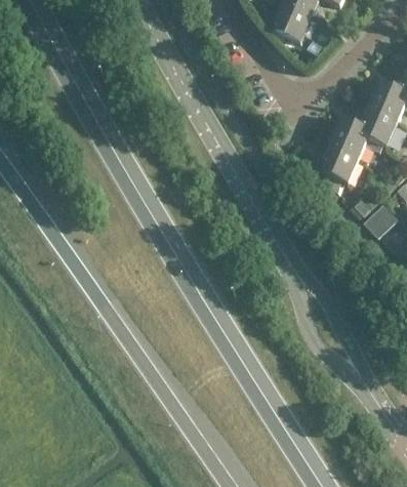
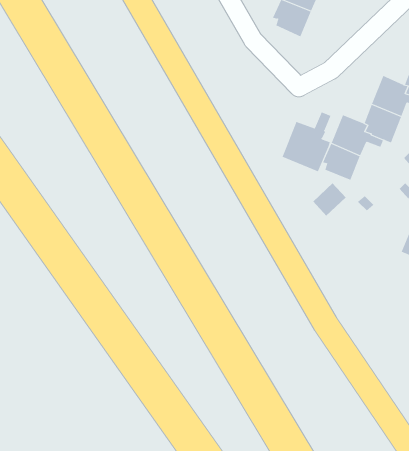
building: none -> [282,112,331,172]
building: [363,202,396,235] -> [312,183,346,217]

